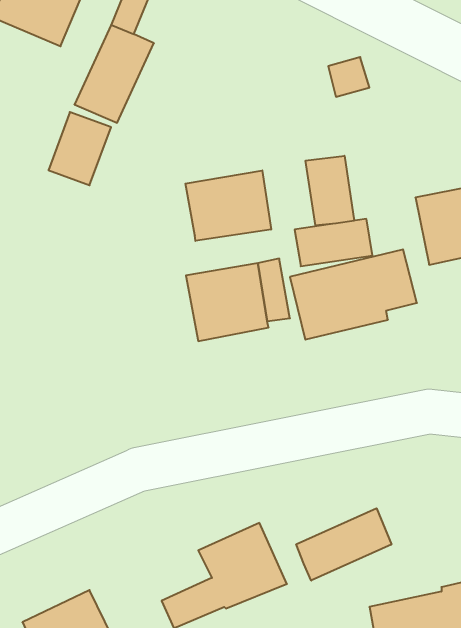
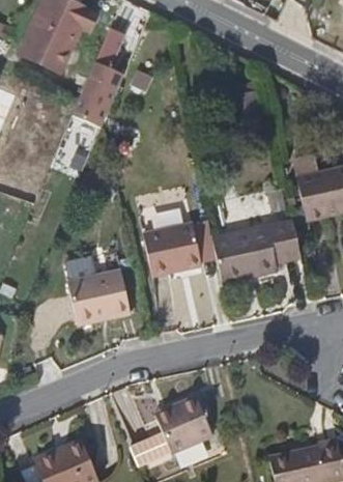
building: [306,156,354,226] -> none
building: [185,170,271,241] -> none
building: none -> [72,266,137,322]
building: [296,508,391,581] -> none

